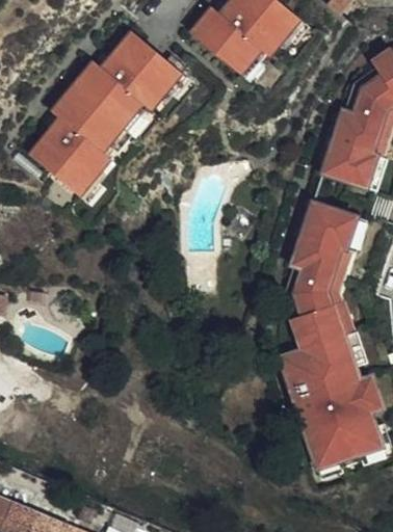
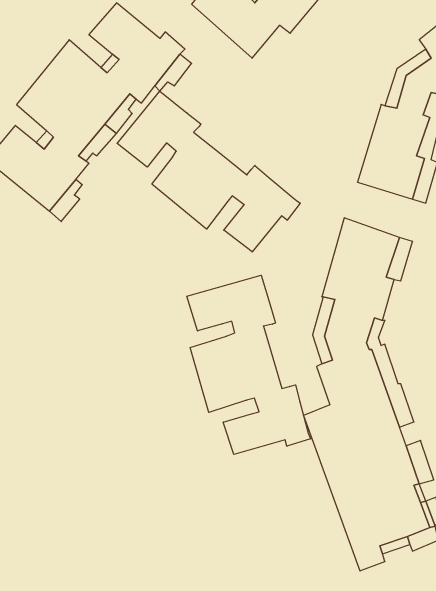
building: none -> [117,91,300,252]
building: none -> [187,275,311,454]

